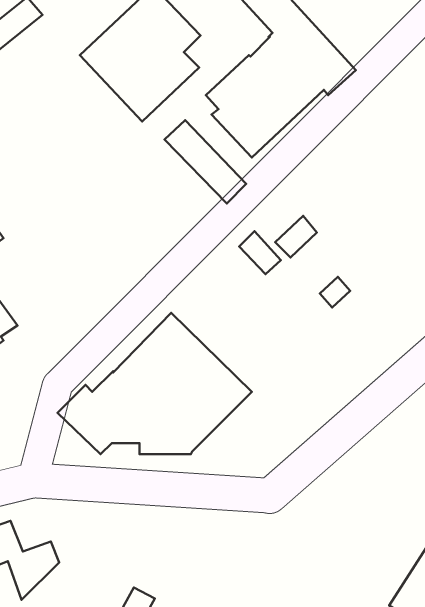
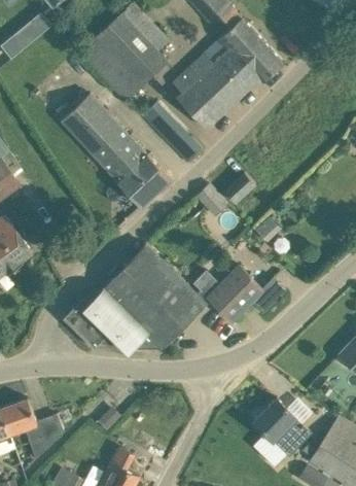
building: none -> [48,90,170,207]
building: none -> [197,266,283,321]
building: none -> [252,397,311,457]

